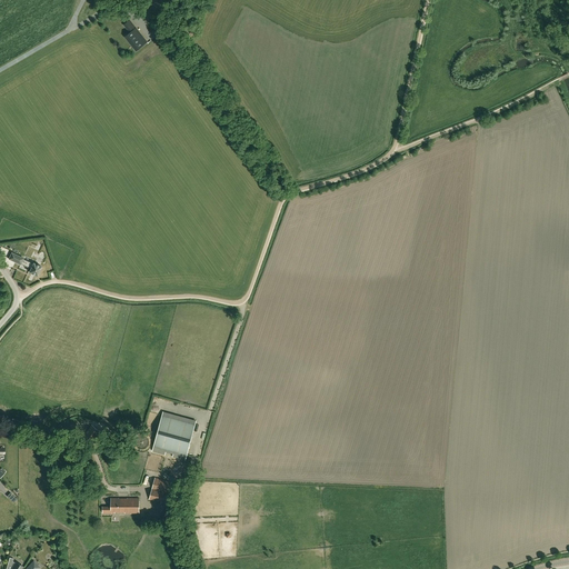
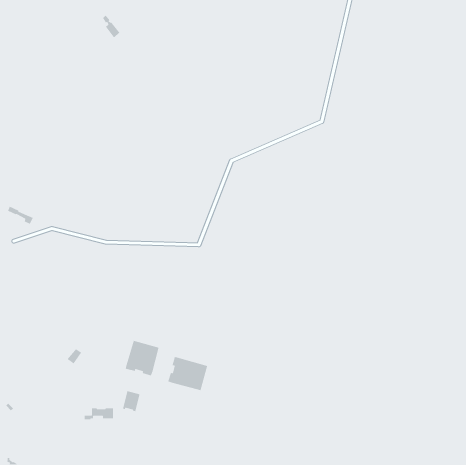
building: none -> [167,356,208,391]

